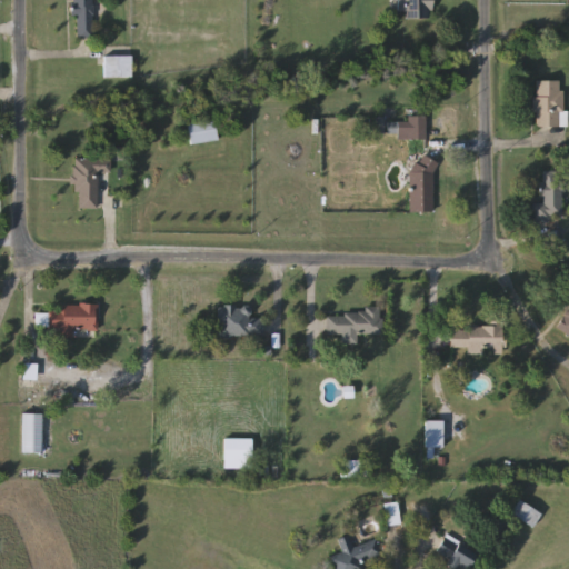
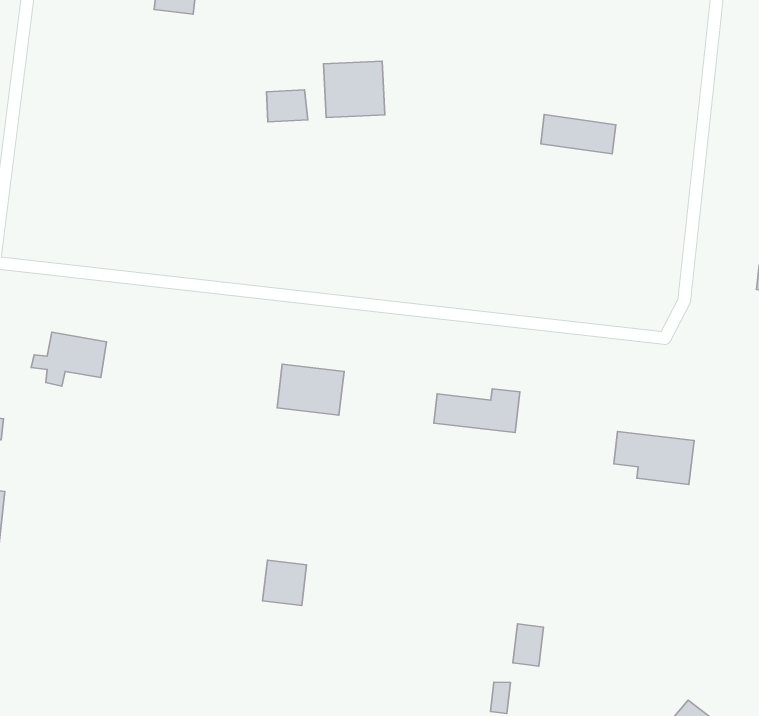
building: none -> [324,61,385,118]
building: [74,157,110,208] -> none
building: [410,157,432,211] -> none
building: [425,420,442,447] -> [513,624,543,666]

